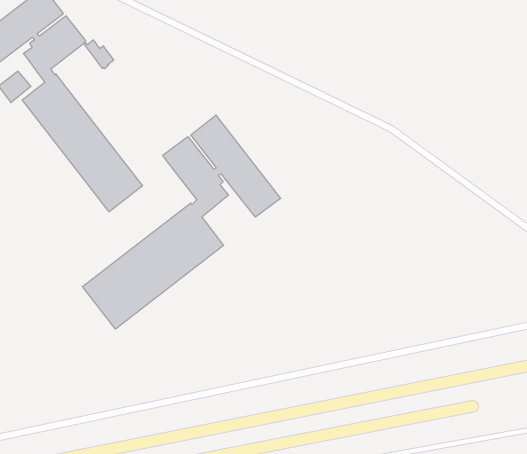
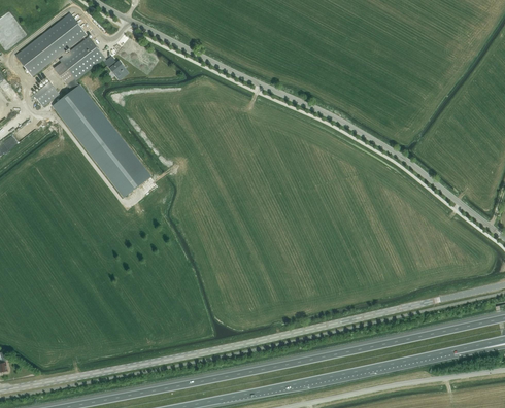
building: [82,115,281,329] -> none

